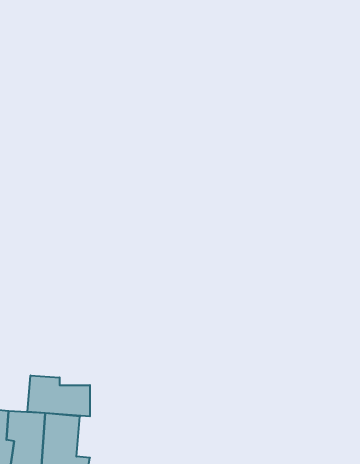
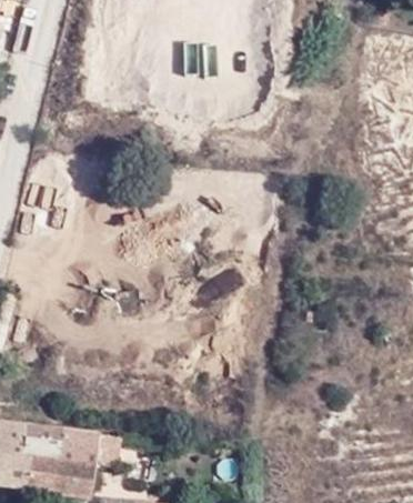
building: [28,375,90,416] -> none

